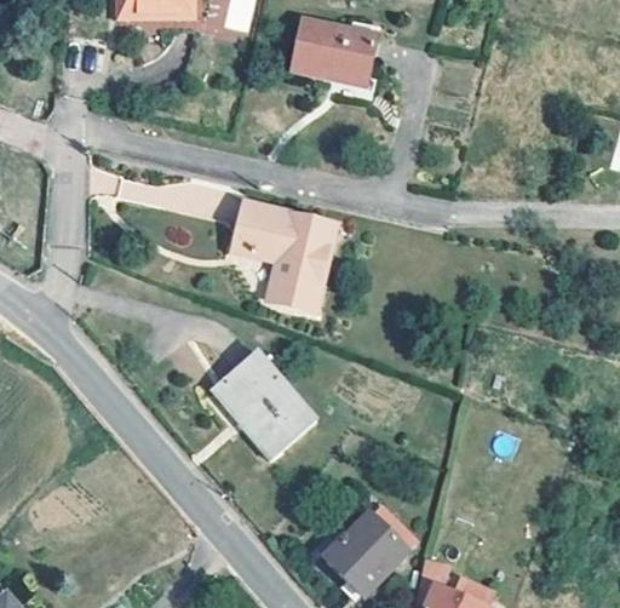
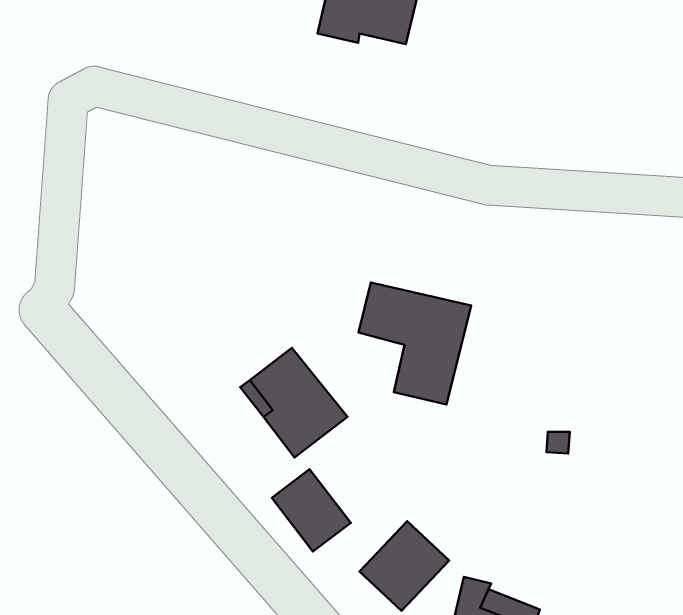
building: [232,205,333,314] -> [359,283,471,404]
building: none -> [272,469,351,551]

